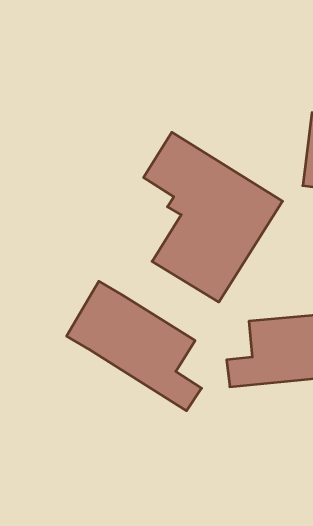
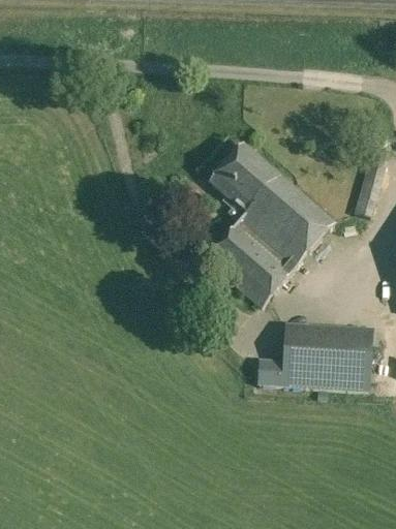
building: [67,281,202,411] -> none

